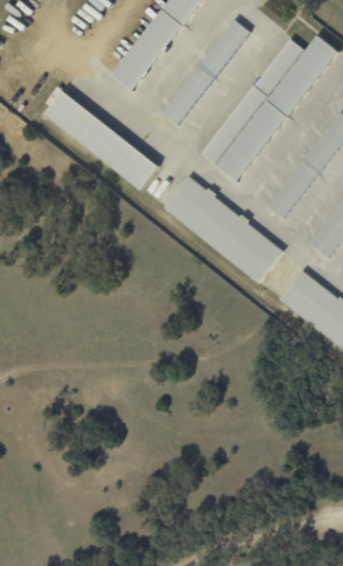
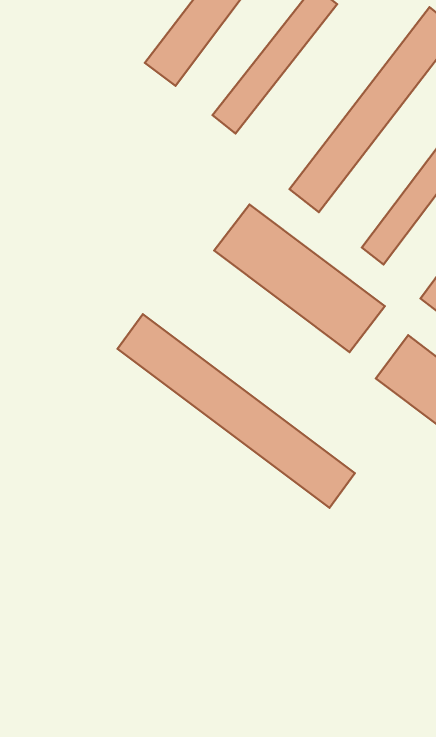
building: [202,38,301,165] -> none
building: [43,91,158,188] -> none
building: none -> [117,314,355,508]

